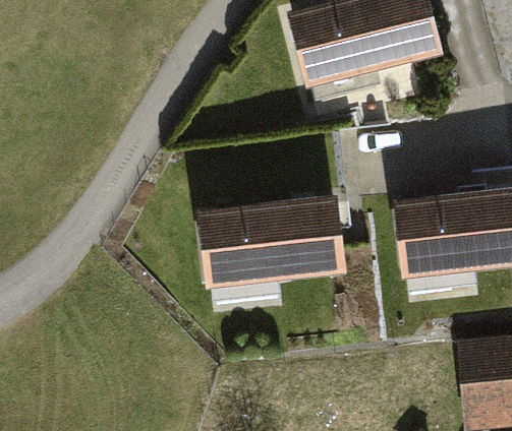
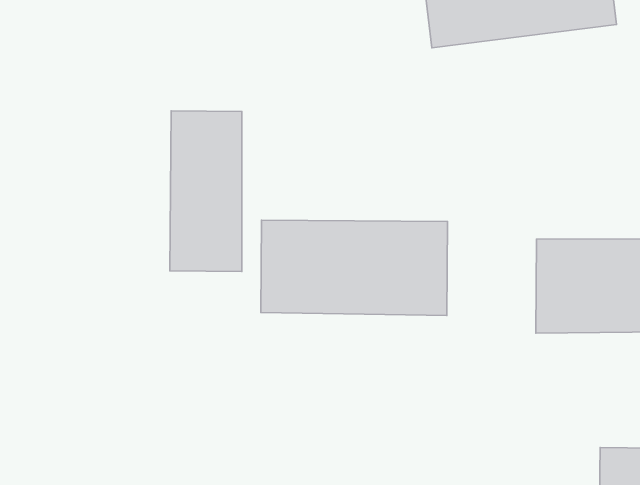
building: none -> [170,111,242,272]

